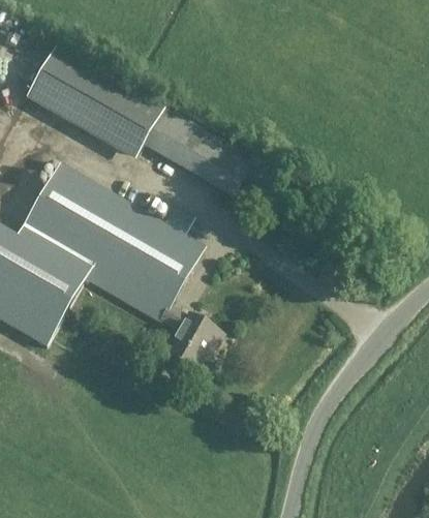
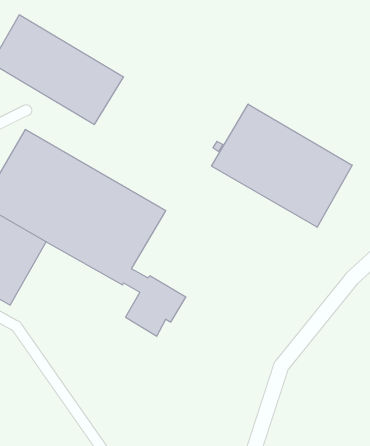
building: [144,109,253,195] -> none
building: none -> [212,104,352,227]

